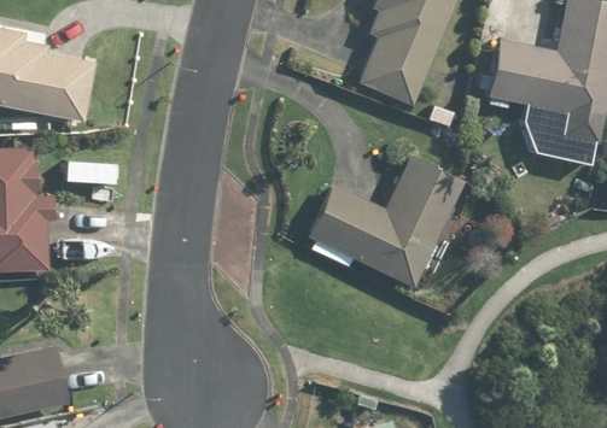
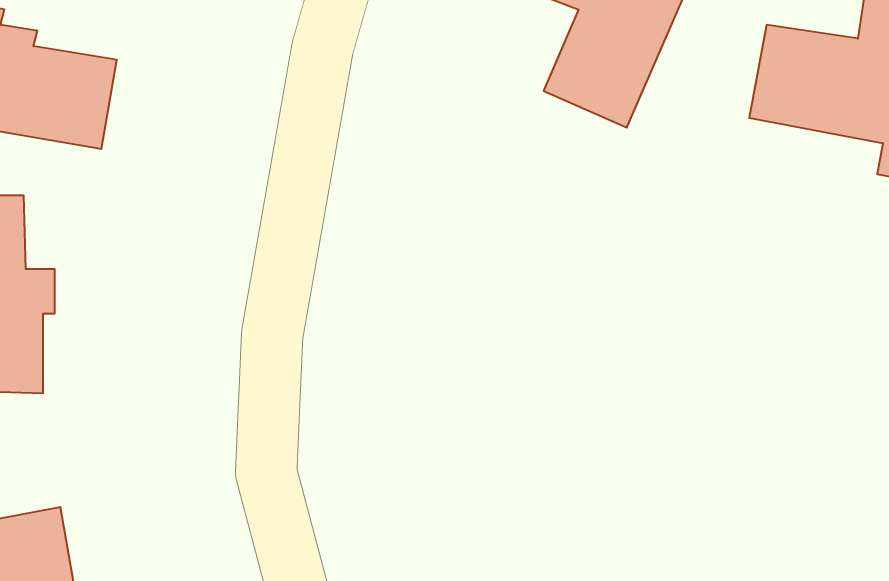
building: [304,159,460,286] -> none

